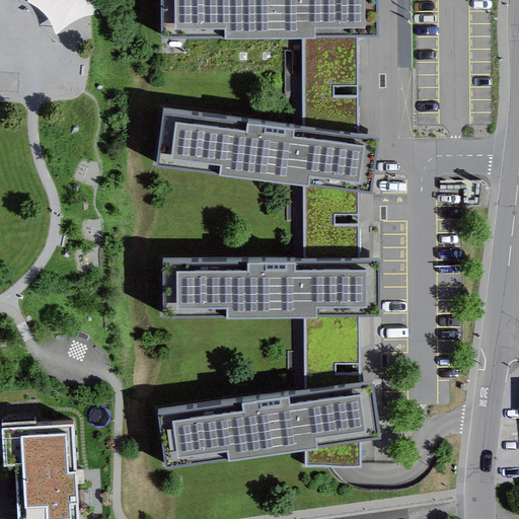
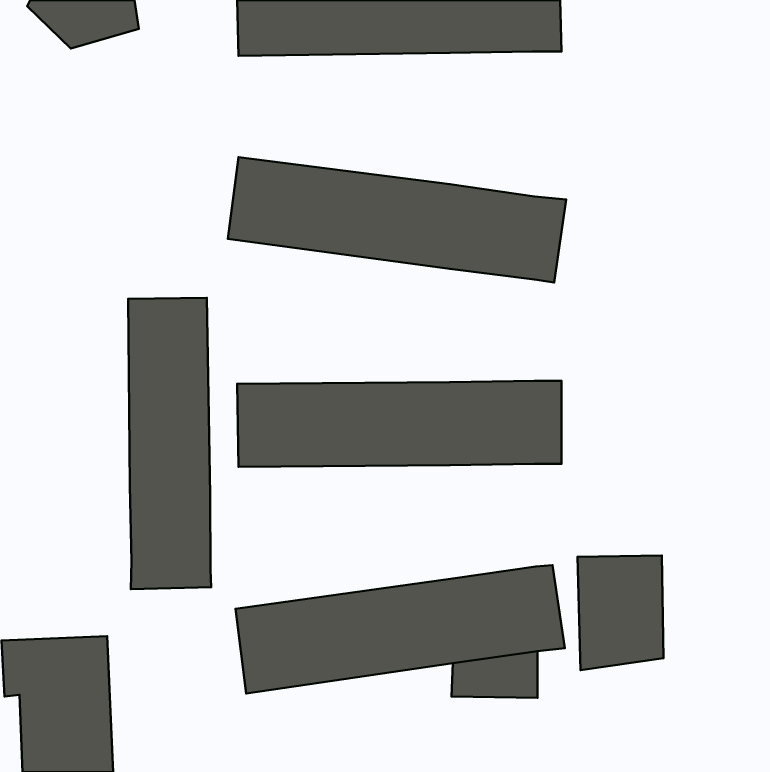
building: [302,34,359,132] -> none
building: [302,180,359,256] -> none
building: none -> [128,298,211,589]
building: [302,311,360,388] -> [577,555,663,670]

